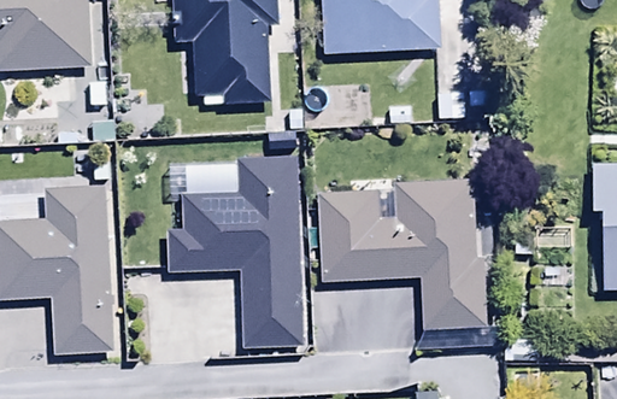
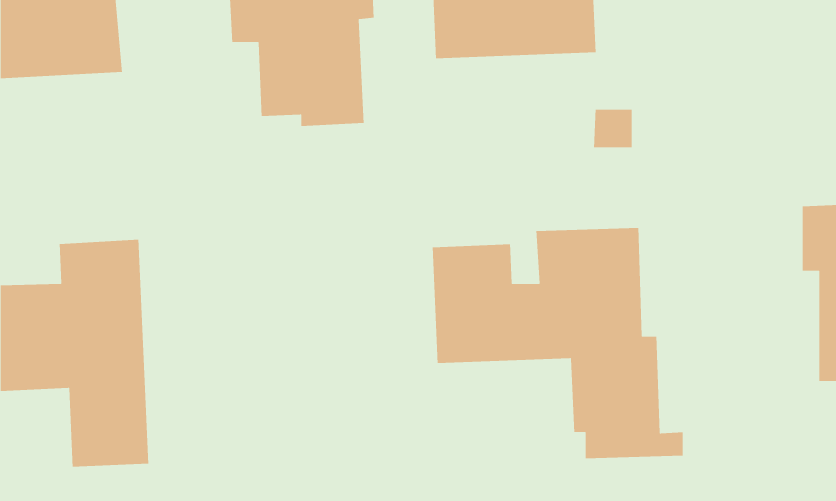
building: [165,159,305,348] -> none

